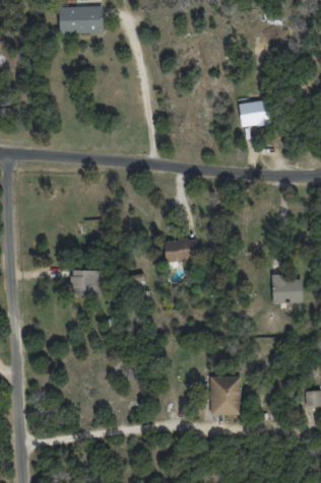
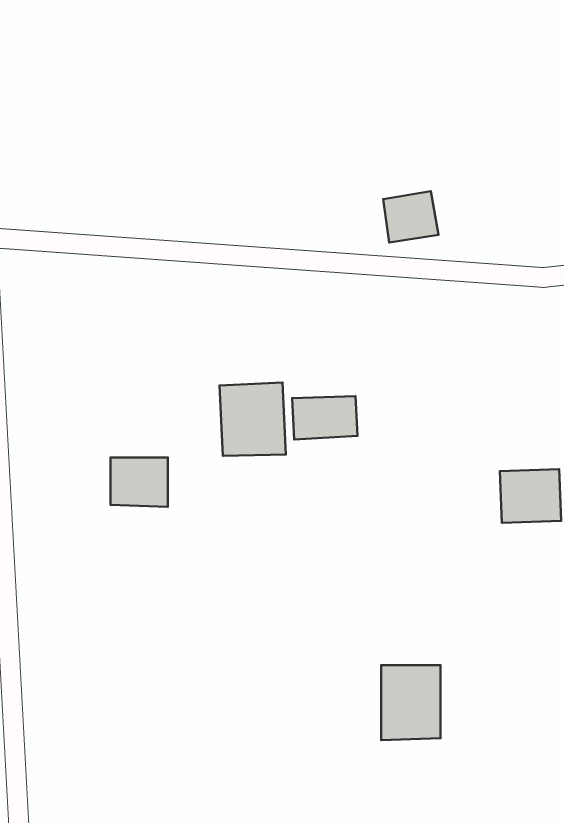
building: [239,99,267,126] -> [383,191,439,243]
building: none -> [219,382,286,456]

